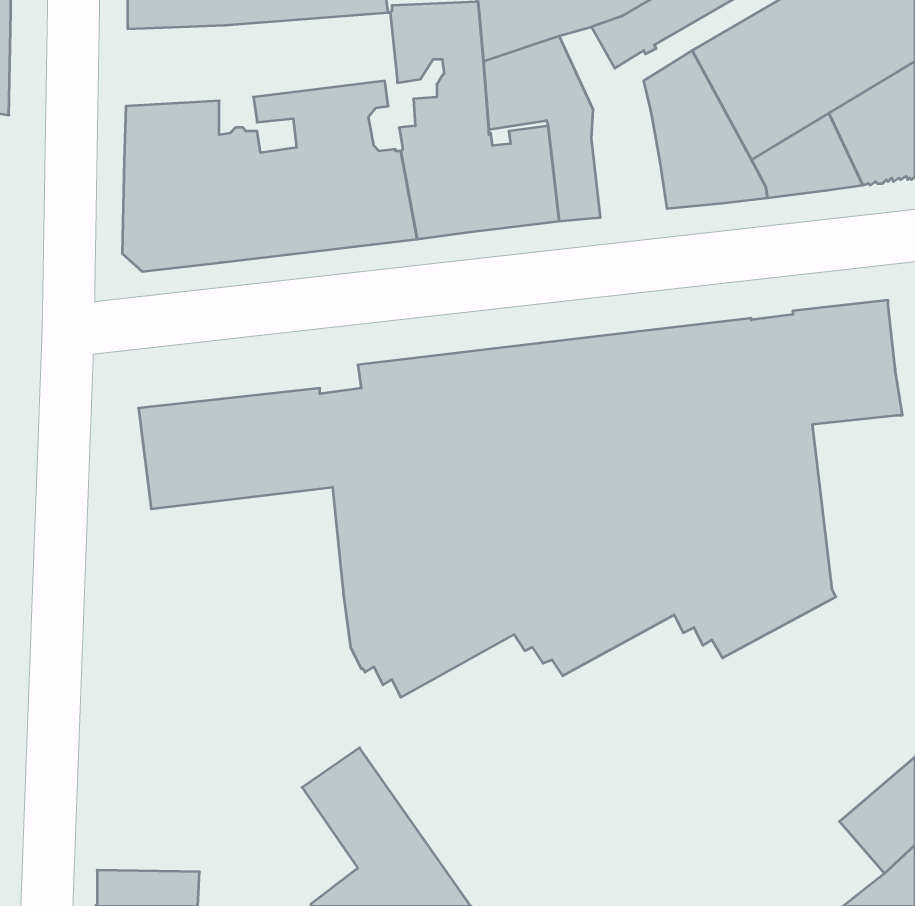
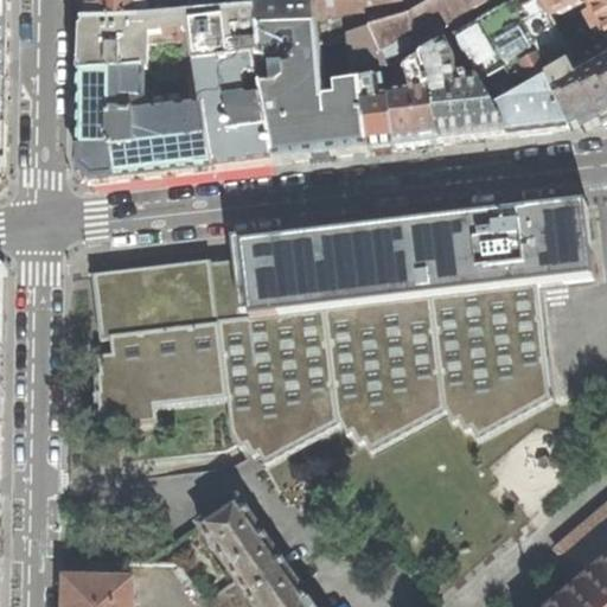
building: none -> [83,8,262,70]
building: none -> [390,53,440,143]
building: none -> [96,321,226,426]

